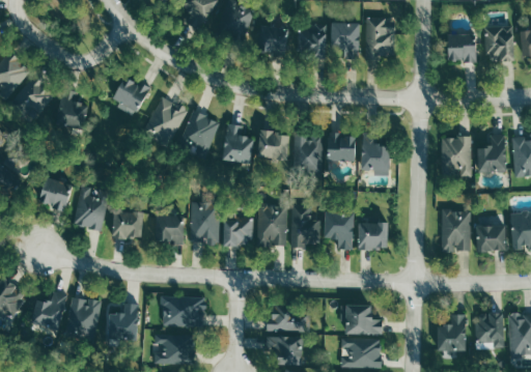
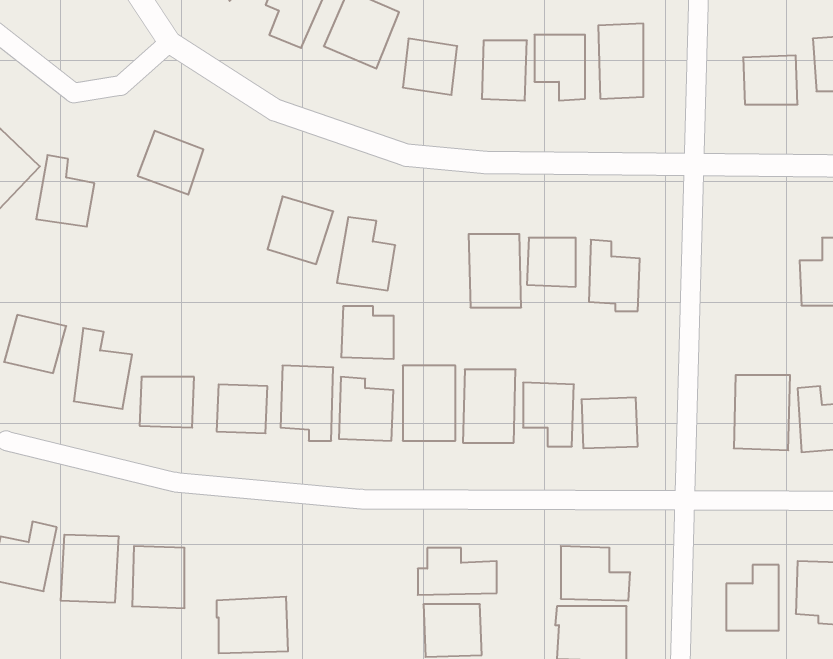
building: [148,96,187,146] -> none
building: [258,131,287,160] -> [341,306,394,359]
building: [441,137,473,177] -> none
building: [163,296,205,326] -> none

